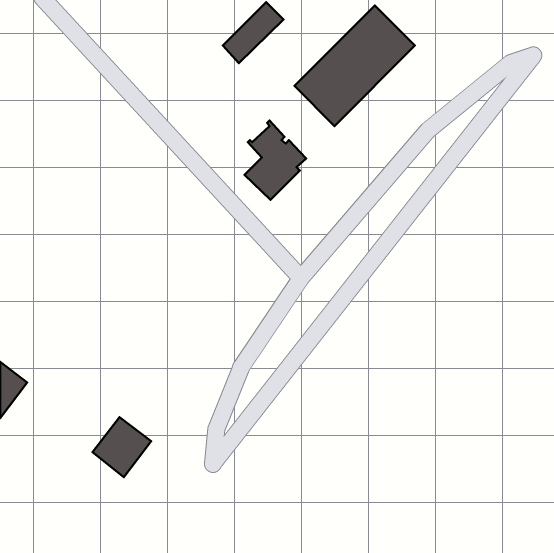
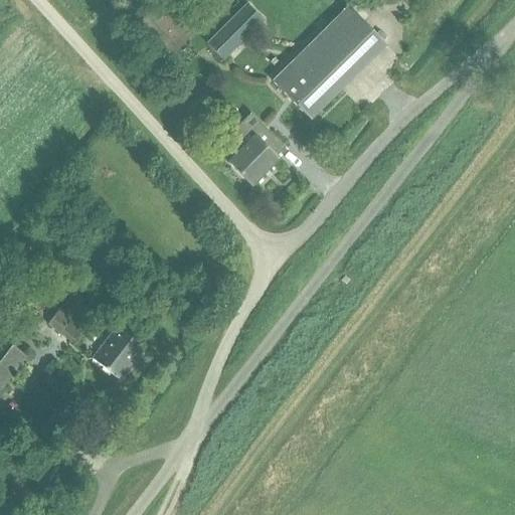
building: none -> [49,307,85,343]
building: [92,417,151,477] -> [92,324,146,379]

